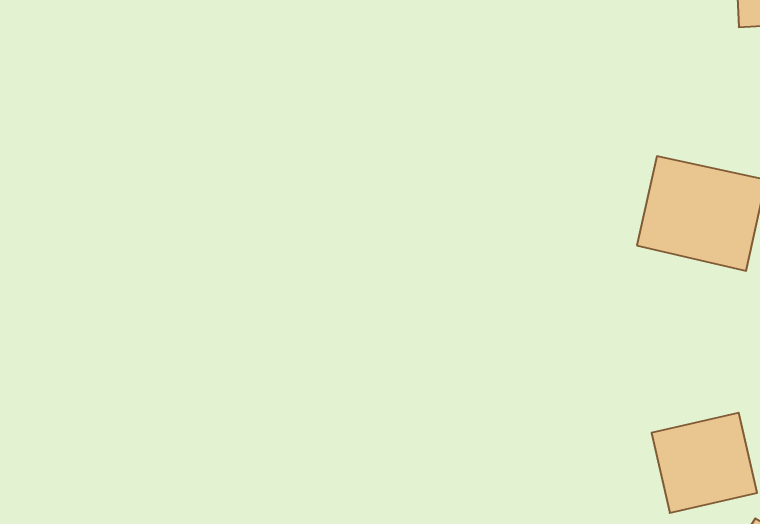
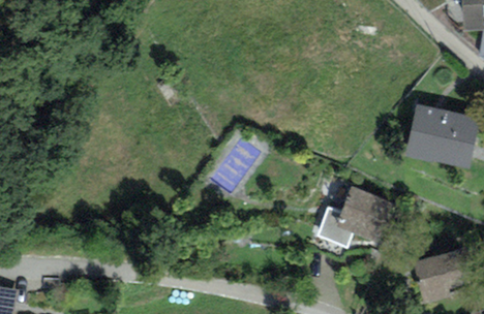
building: none -> [316,186,393,248]

